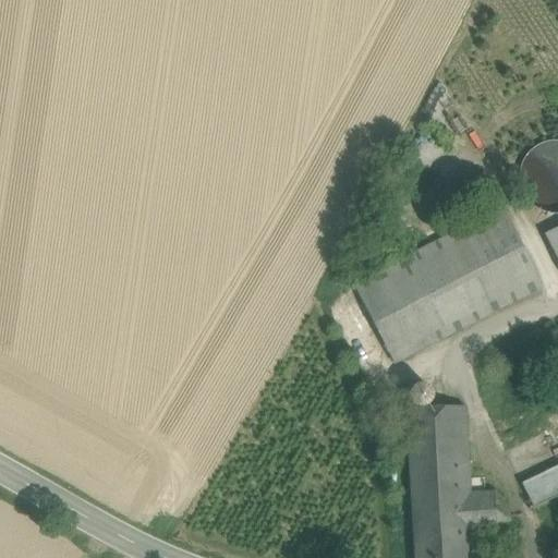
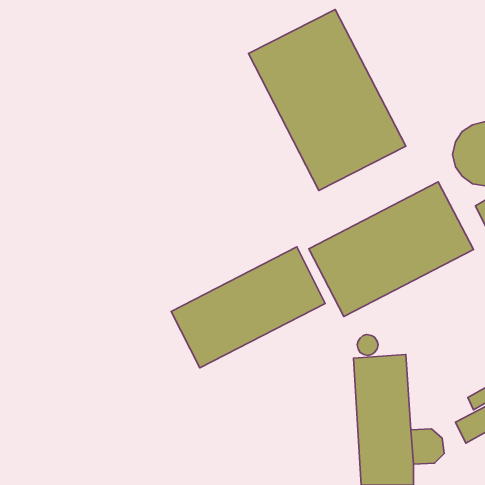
building: none -> [249,9,406,190]
building: none -> [171,247,325,368]

